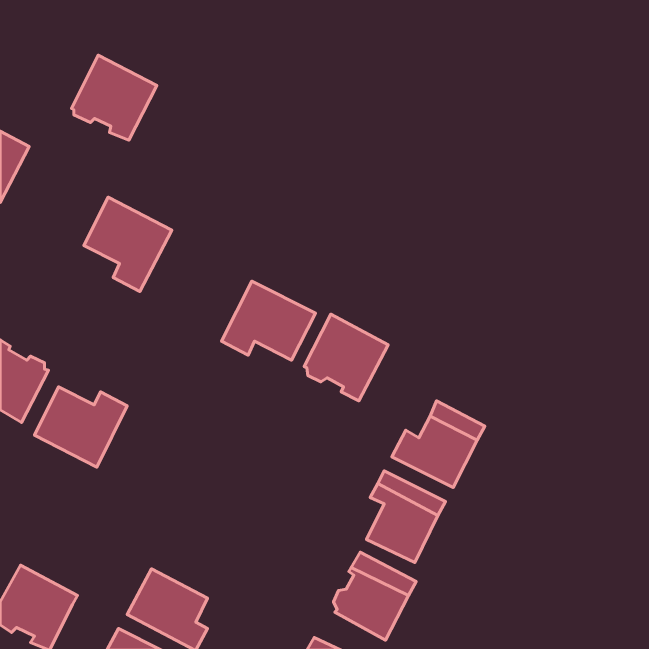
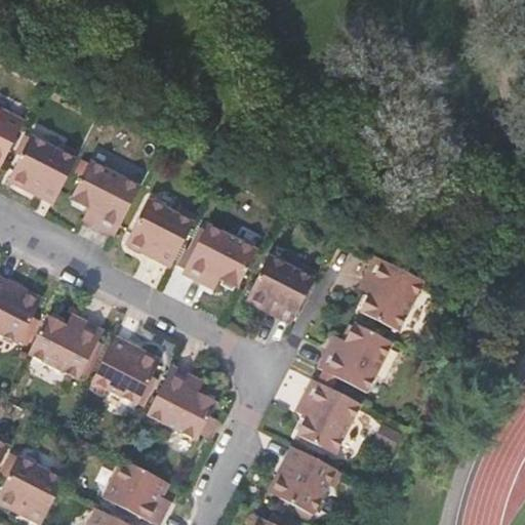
building: [71,55,157,140] -> [7,134,76,203]
building: none -> [124,201,192,270]
building: none -> [359,256,423,333]
building: none -> [92,334,158,403]
building: none -> [147,365,216,439]

